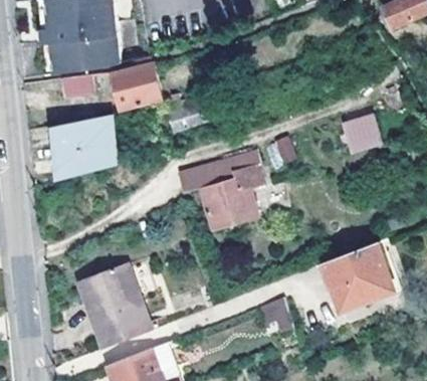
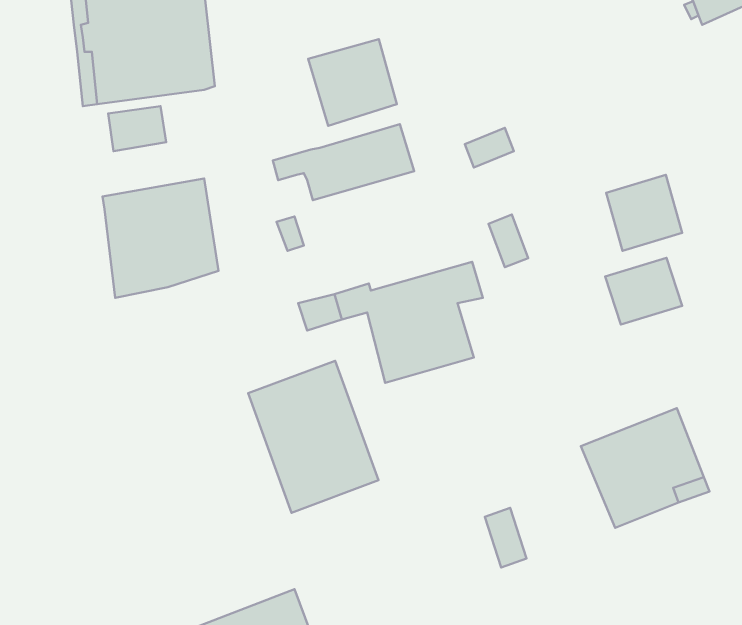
building: [113,60,162,109] -> [308,39,397,126]
building: none -> [605,258,682,324]
building: [77,263,150,348] -> [248,361,379,513]

